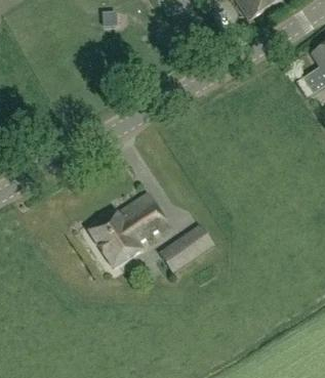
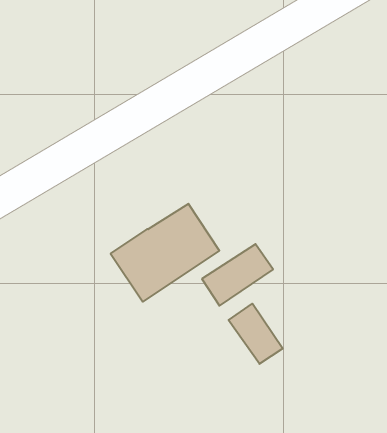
building: none -> [229,304,283,364]

